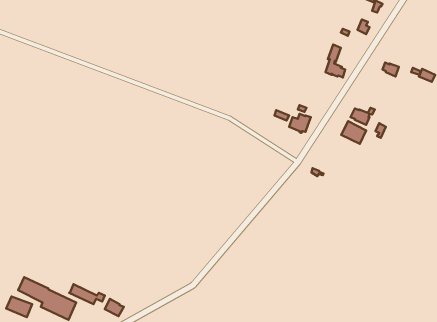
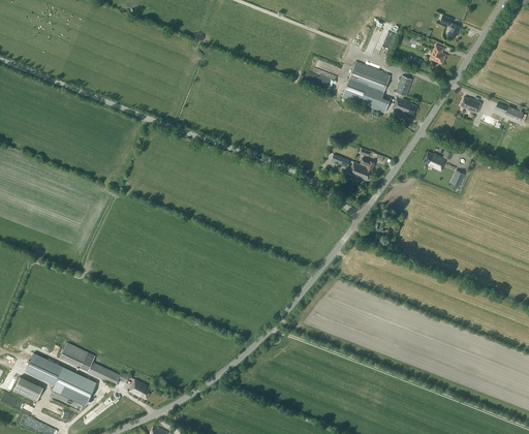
building: none -> [348,62,390,113]
building: [341,121,366,144] -> none
building: none -> [59,342,95,371]

